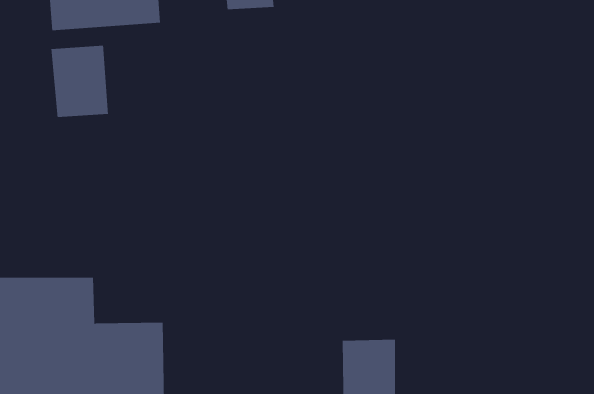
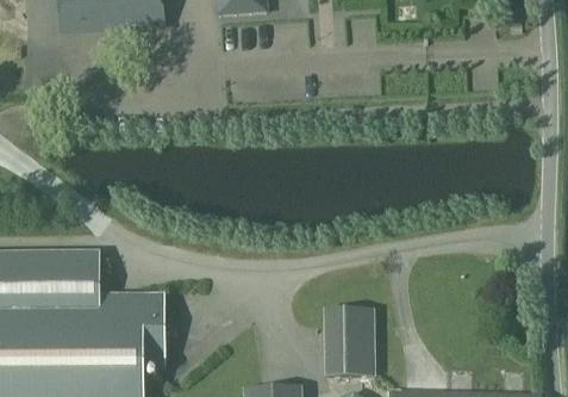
building: [51,45,109,118] -> none

